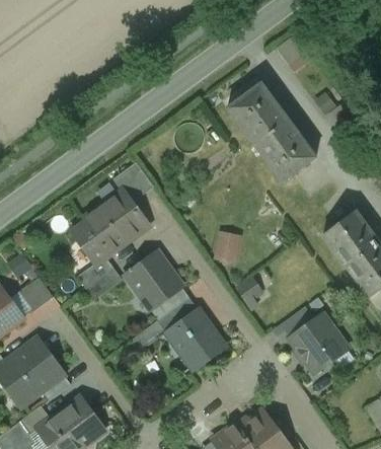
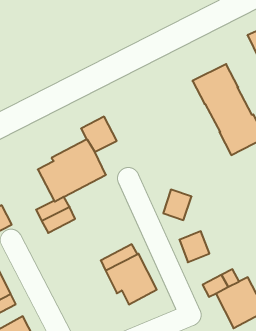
building: [125,251,182,311] -> none

